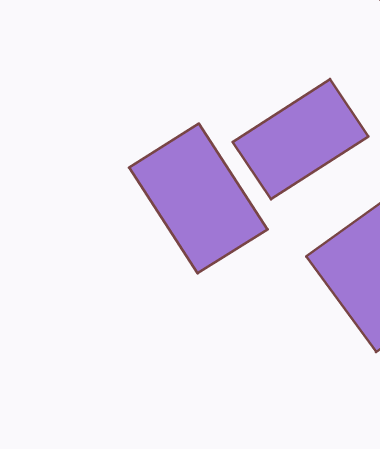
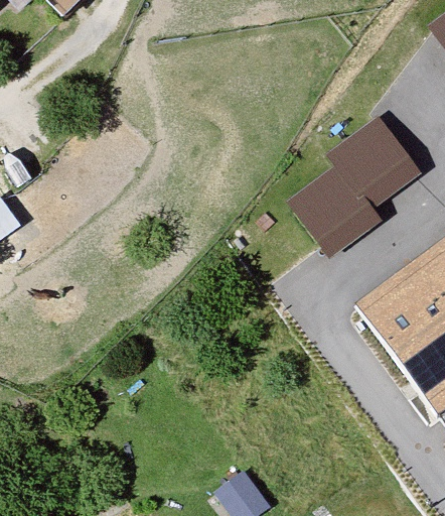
building: [129,124,268,273] -> none

